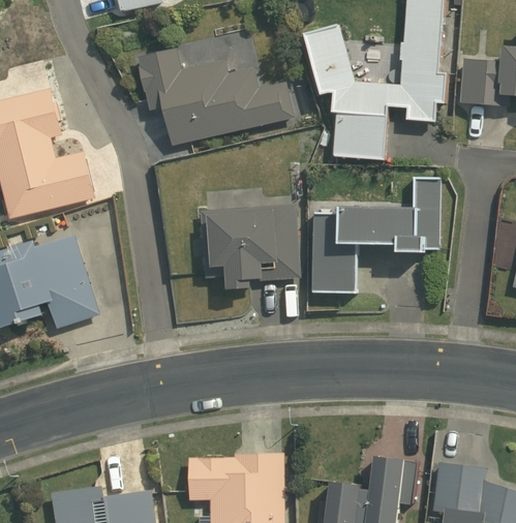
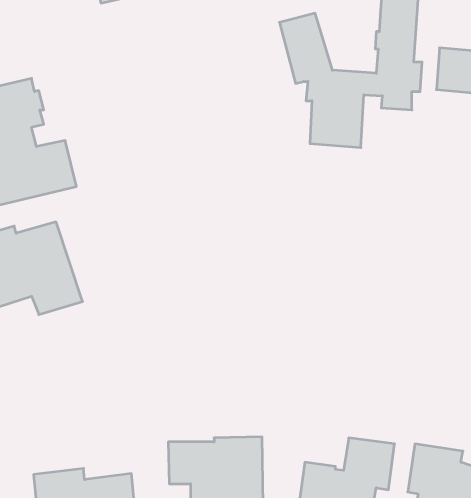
building: [136,45,298,149] -> none
building: [311,176,442,291] -> none
building: [201,205,301,288] -> none

